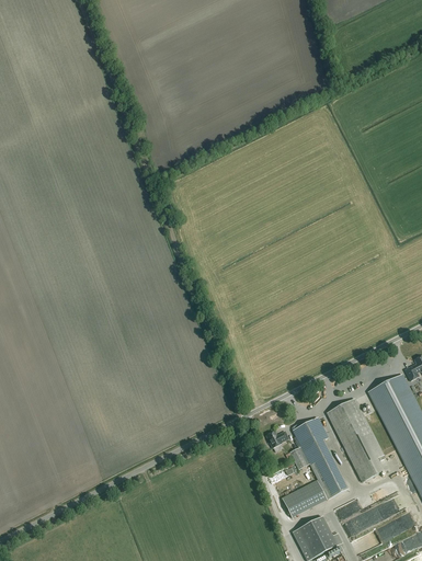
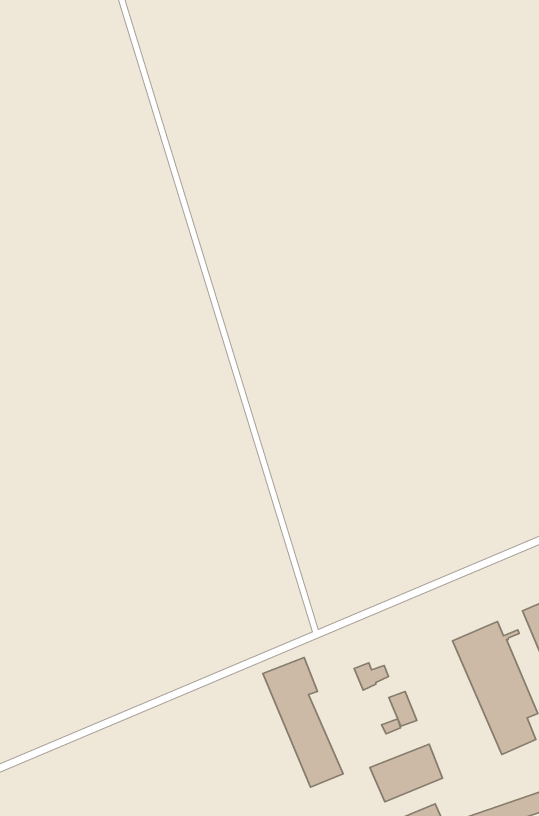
building: [293,416,347,497] -> [263,657,343,787]

